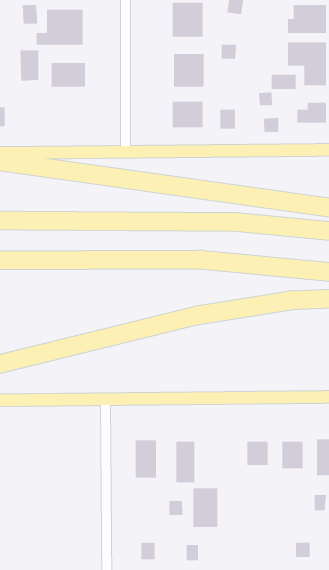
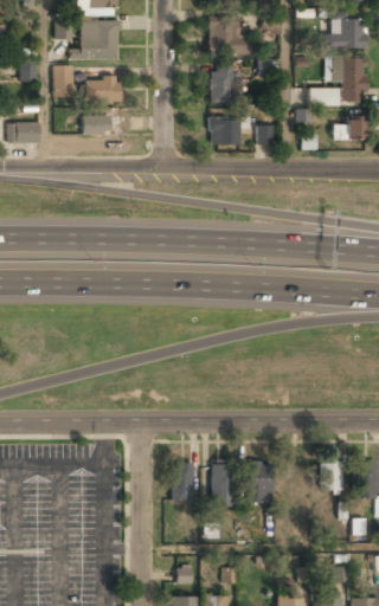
building: none -> [82,115,122,134]
building: [193,488,218,527] -> [248,462,274,502]

